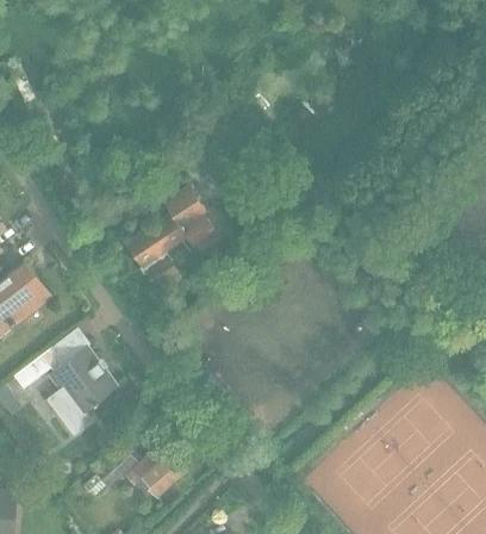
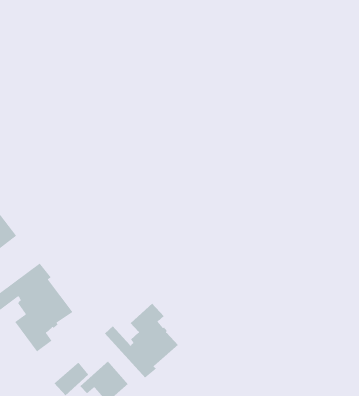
building: [126,186,218,290] -> none
building: none -> [104,303,179,379]

